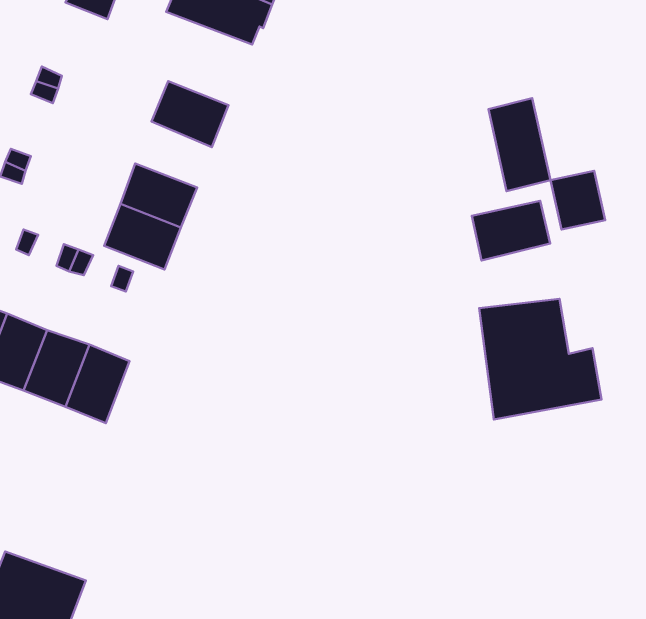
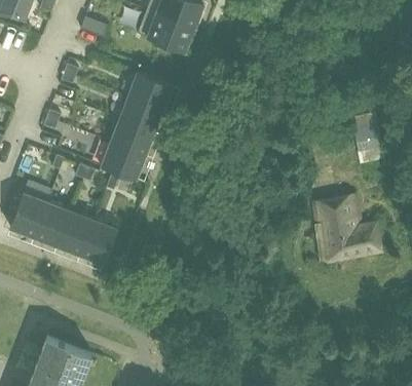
building: [488,98,550,191] -> none
building: none -> [118,93,161,130]
building: [472,201,550,260] -> none

